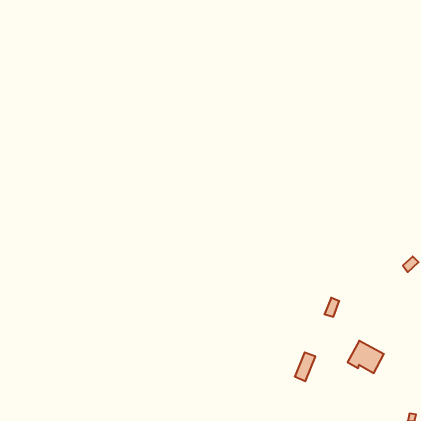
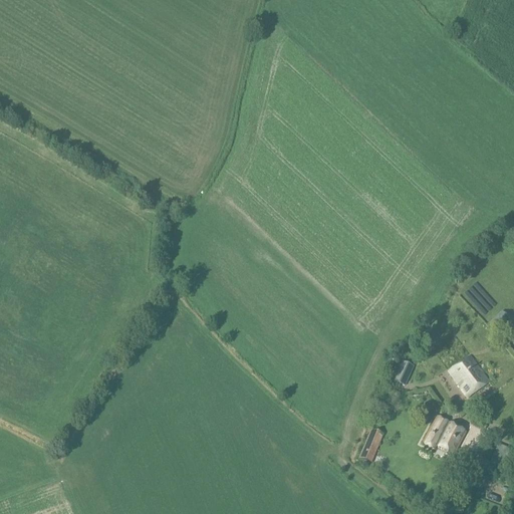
building: none -> [451,356,490,397]

